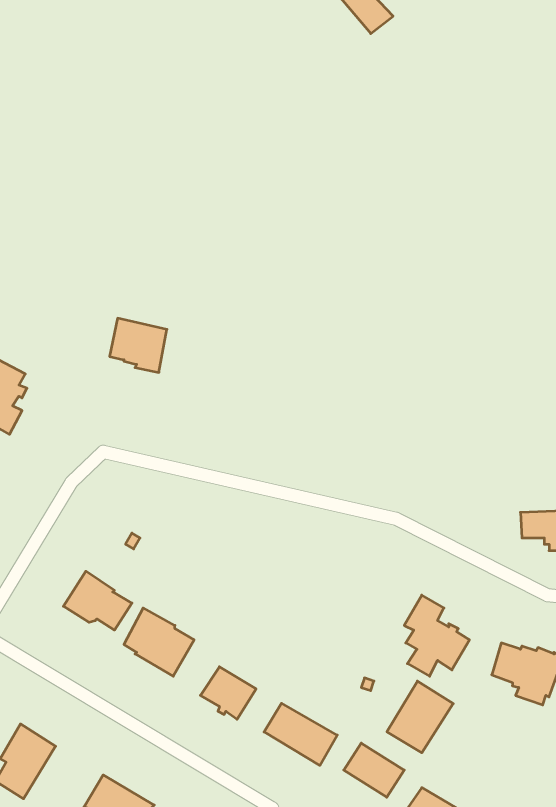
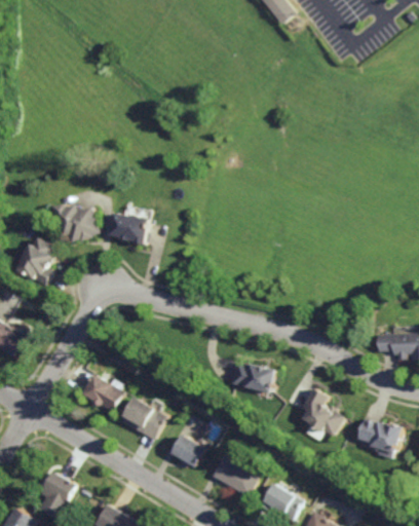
building: none -> [53,199,101,239]
building: none -> [228,361,273,391]
building: [387,681,453,753] -> none

